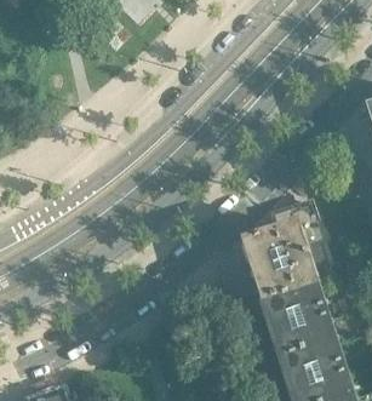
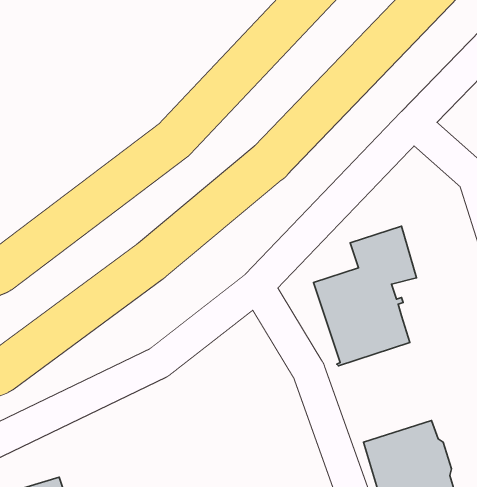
building: [265,276,333,349] -> none

